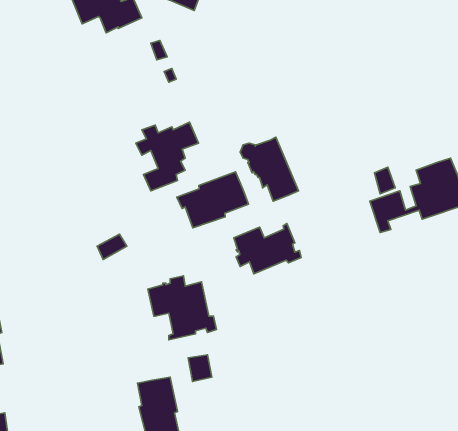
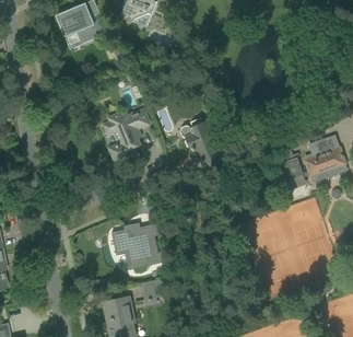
building: [177,172,249,228] -> none
building: [234,223,301,274] -> none

